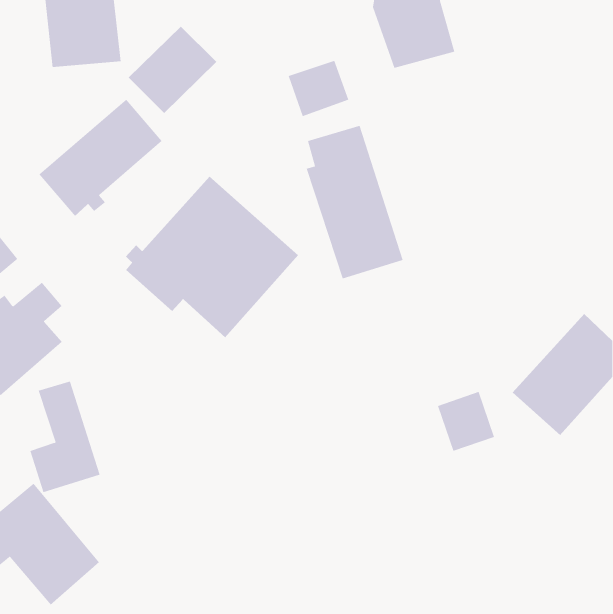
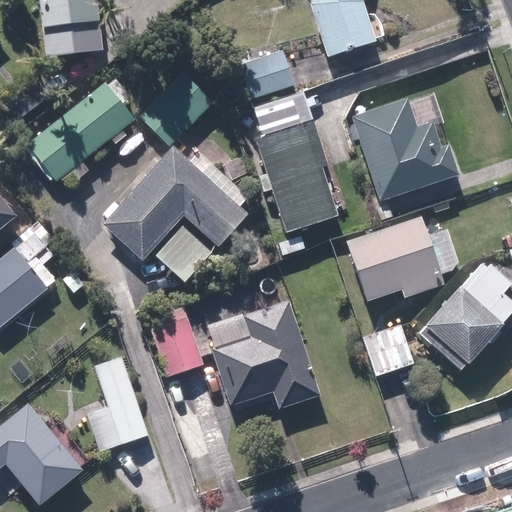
building: [128,26,217,114] -> [138,74,212,147]
building: none -> [352,99,457,198]
building: none -> [345,217,444,299]
building: none -> [213,299,322,408]
building: none -> [147,312,202,377]
building: [30,381,101,493] -> [86,356,145,449]

